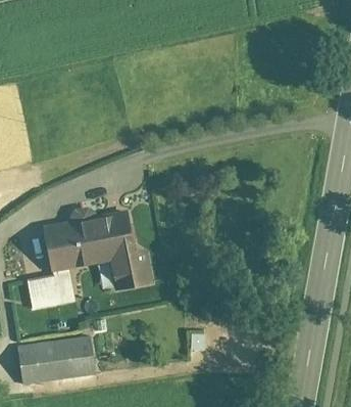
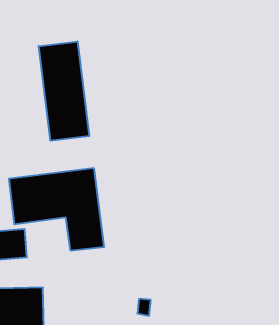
building: none -> [39,41,89,141]

